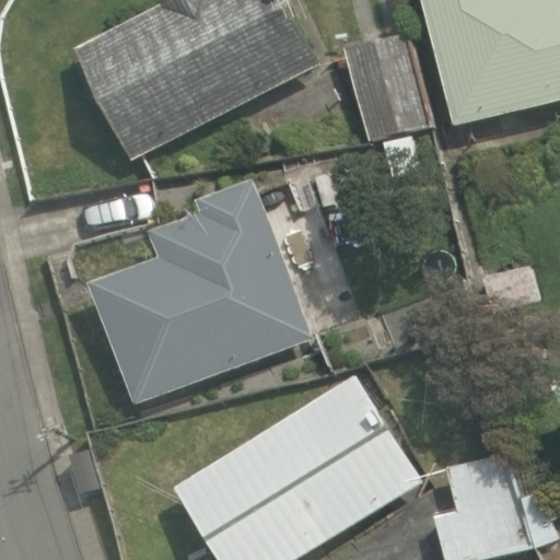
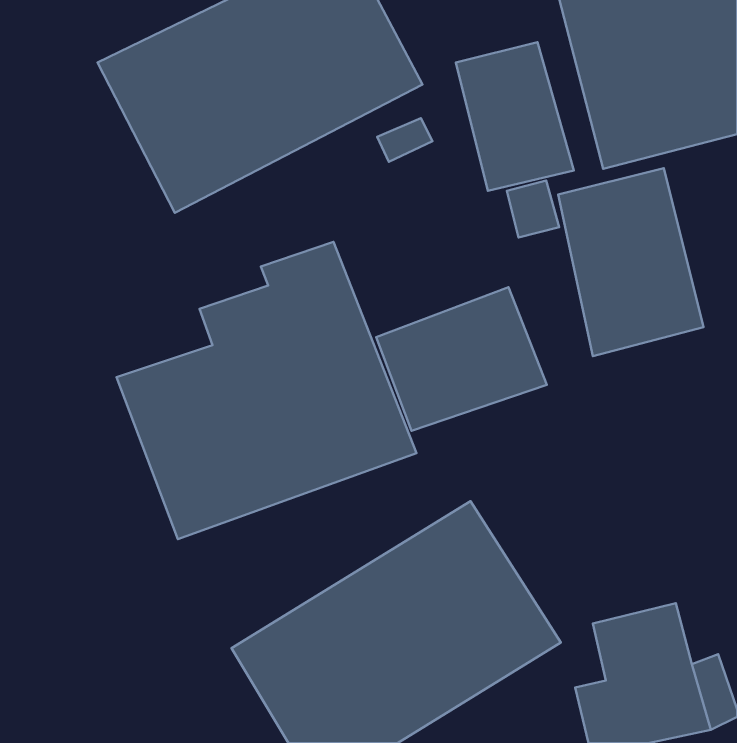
building: none -> [558,168,704,356]
building: none -> [376,287,547,431]

